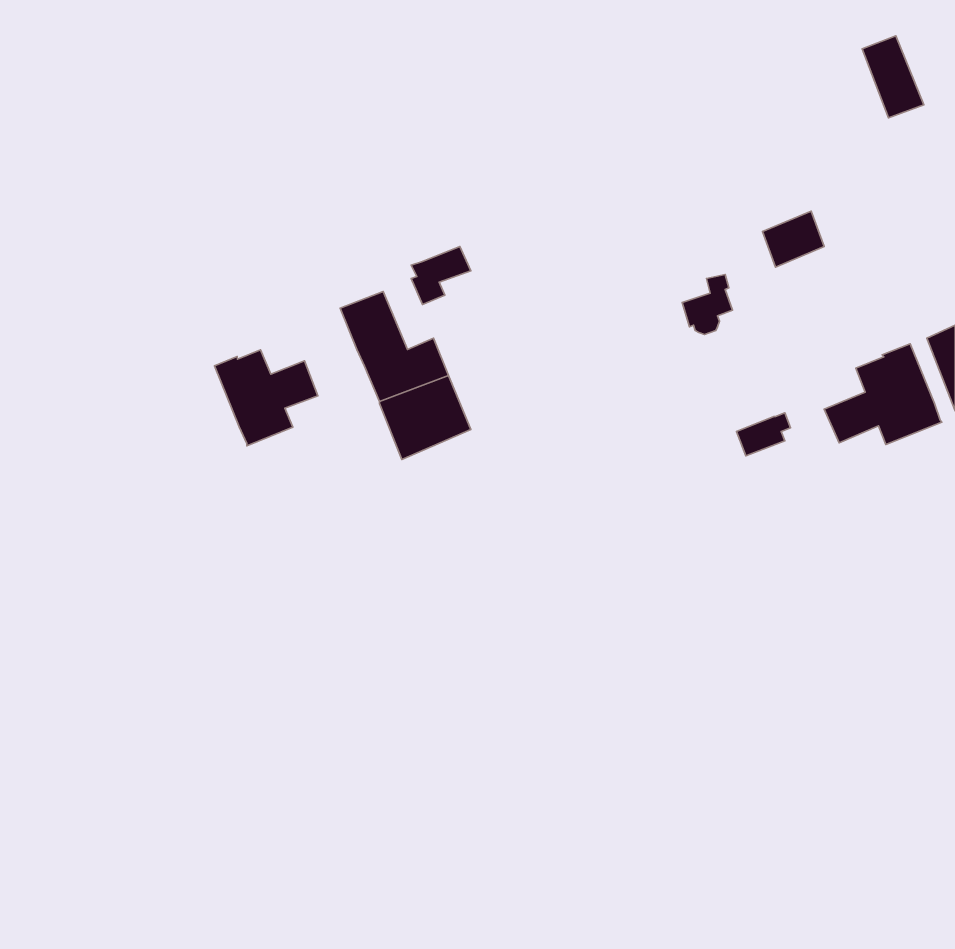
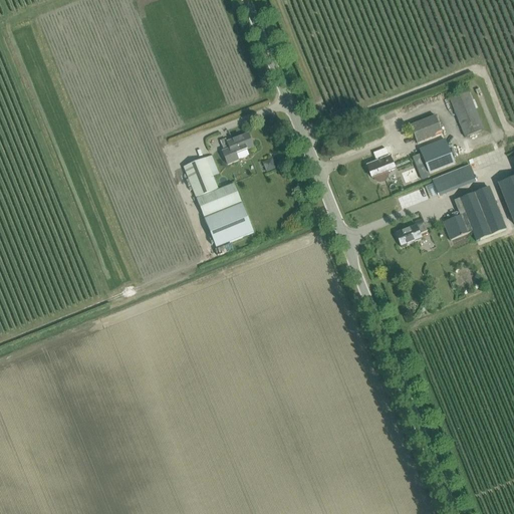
building: [862,36,924,118] -> [450,90,483,135]
building: none -> [419,137,454,172]
building: none -> [432,164,476,195]
building: [214,350,318,446] -> none

